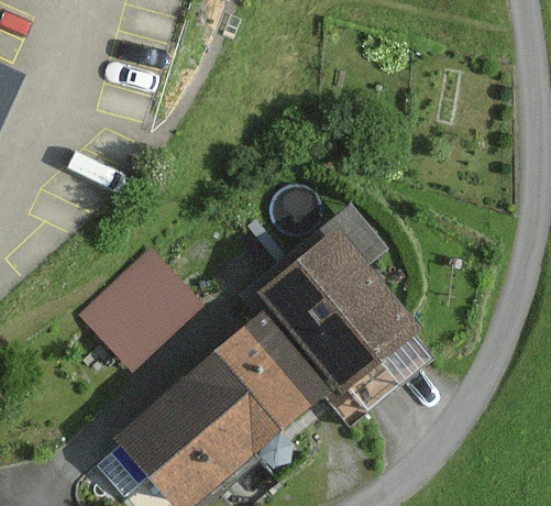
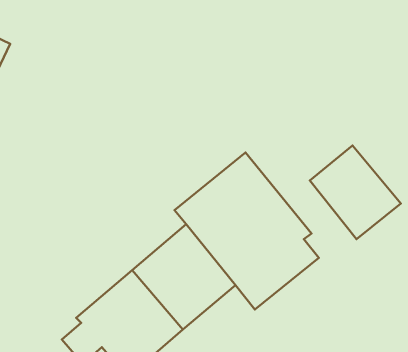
building: none -> [310,146,401,239]
building: [77,248,202,373] -> none

